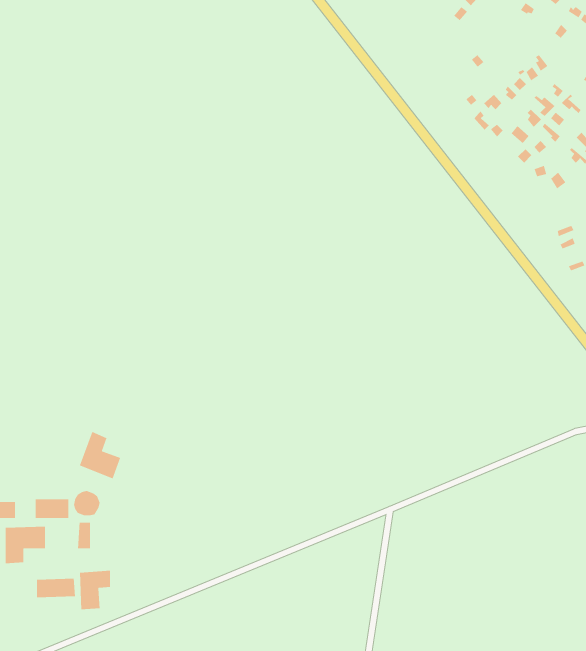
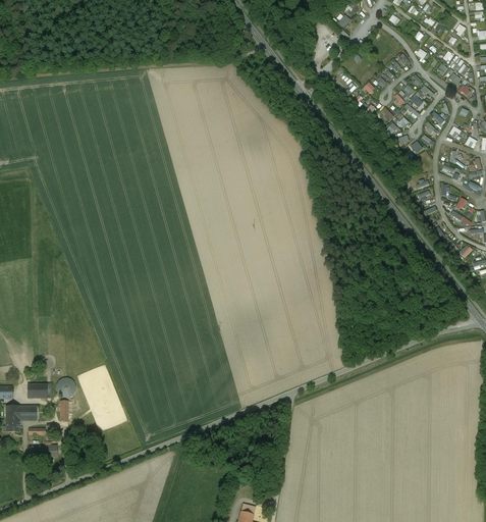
building: [79,431,121,480] -> none
building: [79,570,111,610] -> none

